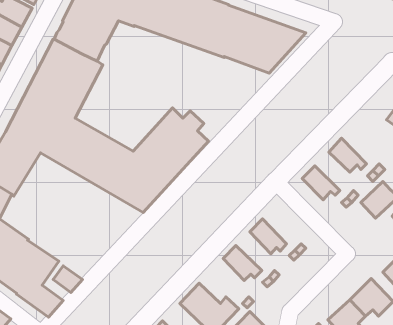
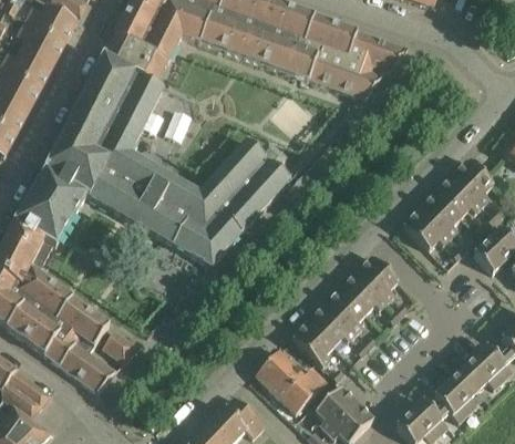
building: none -> [450,158,492,206]
building: none -> [418,192,460,238]
building: none -> [354,255,396,302]
building: none -> [322,288,364,334]
building: none -> [291,320,332,366]

